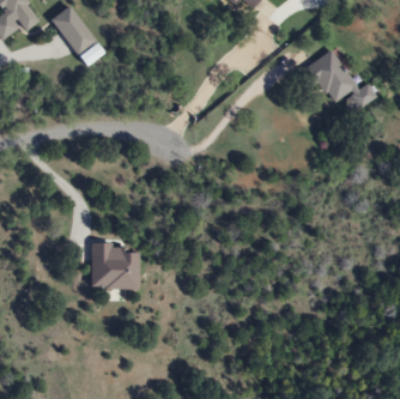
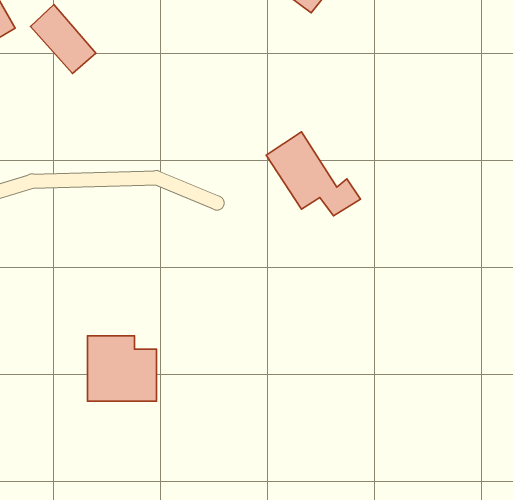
building: [308,49,375,109] -> [266,132,360,216]

